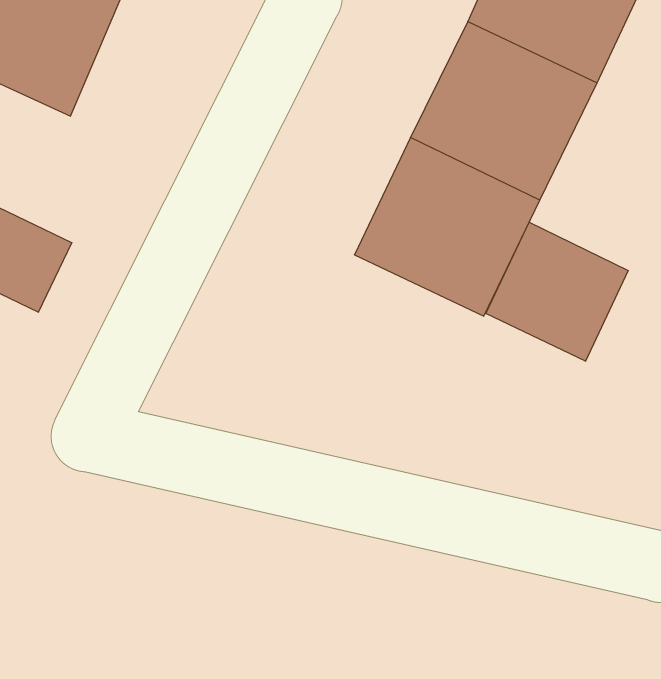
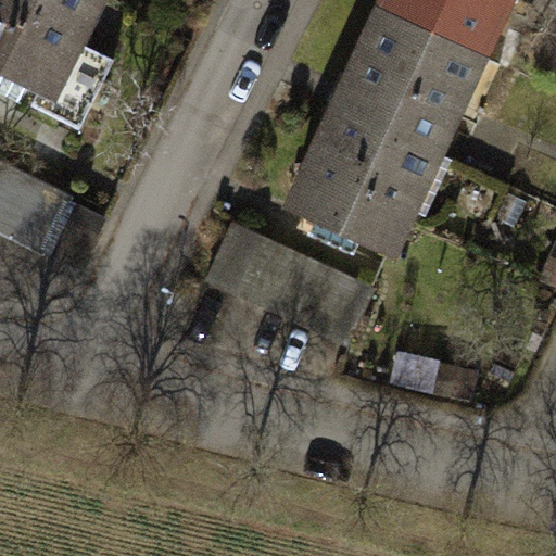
building: [486,222,628,361] -> none
building: none -> [192,226,362,354]

